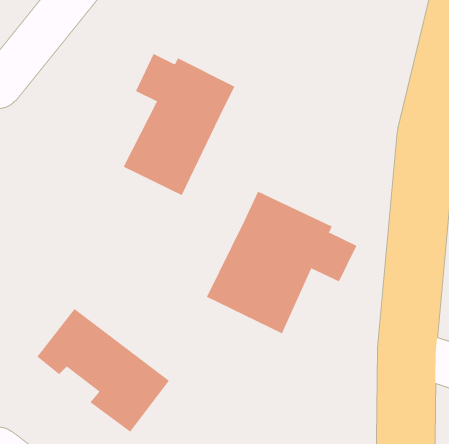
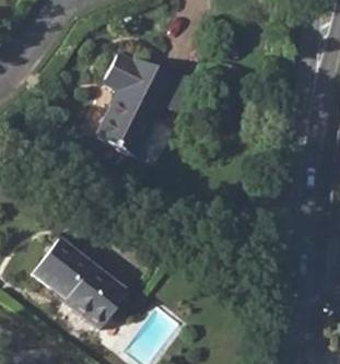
building: [206,191,357,334] -> none

